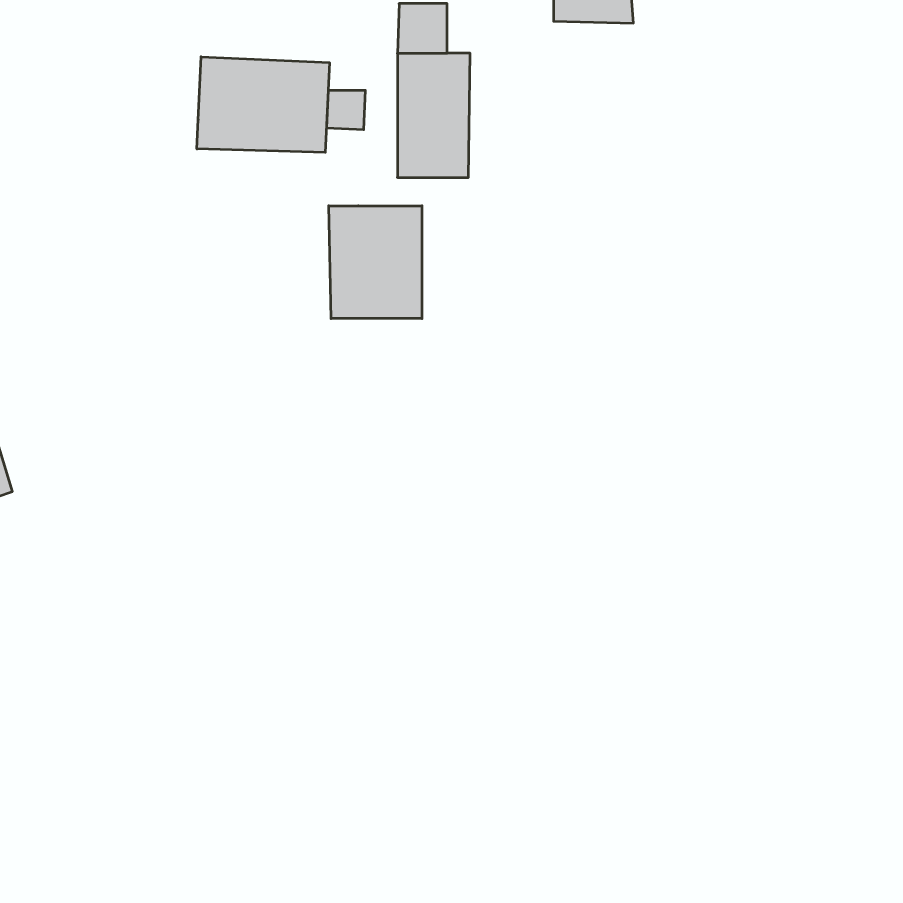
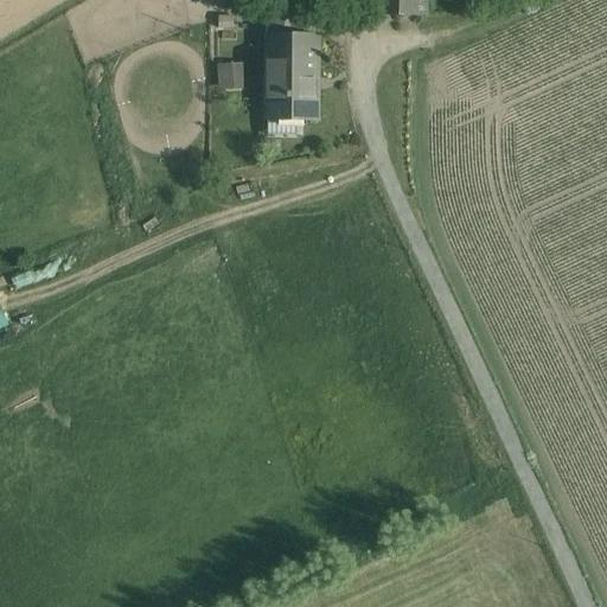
building: [197,57,329,152] -> none
building: [329,206,422,319] -> none

